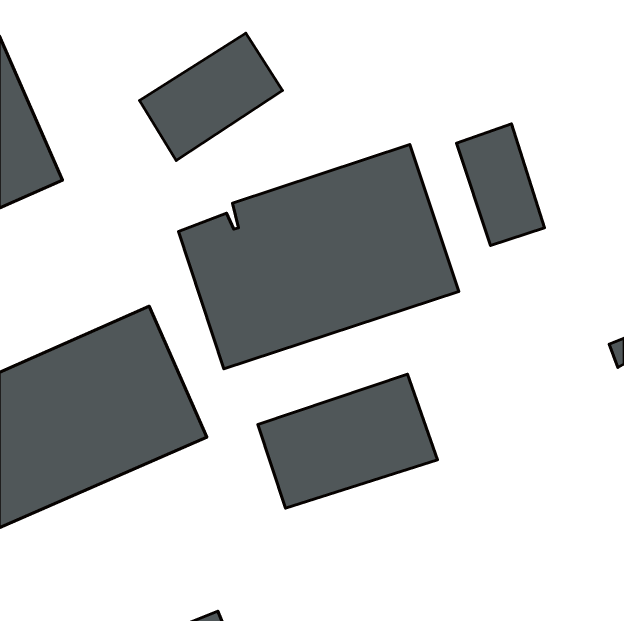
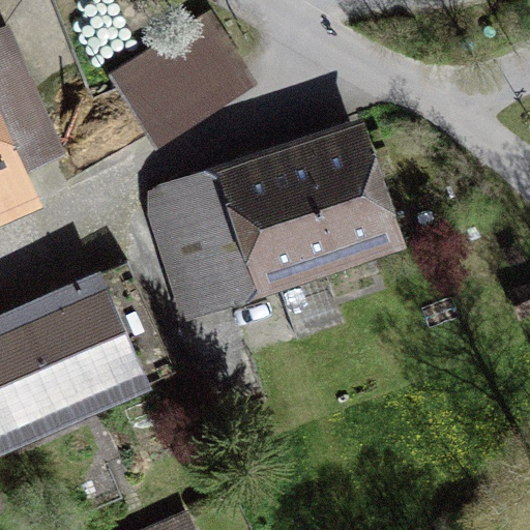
building: [456,124,545,246] -> none
building: [258,374,437,508] -> none

